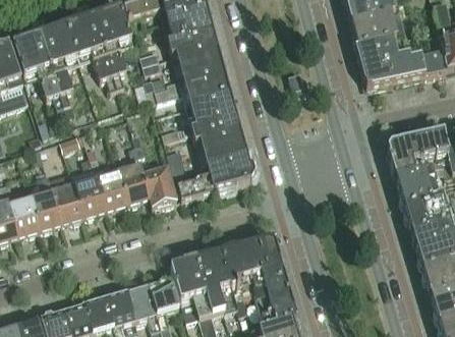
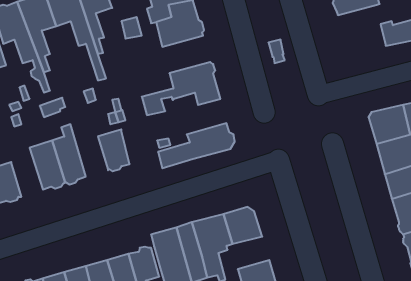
building: [356,34,406,80] -> none
building: [146,64,231,102] -> none
building: [193,121,248,163] -> none
building: [89,143,129,205] -> none
building: [143,158,179,203] -> none
building: [33,170,64,226] -> none
building: [253,265,290,297] -> none

